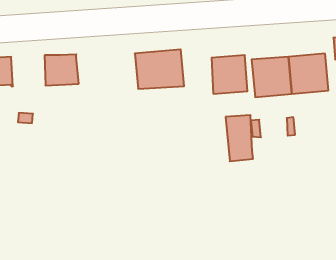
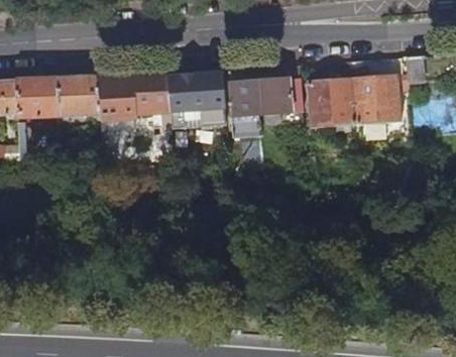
building: none -> [96,74,170,126]
building: none -> [17,76,59,113]
building: [226,115,253,161] -> [229,79,262,134]

